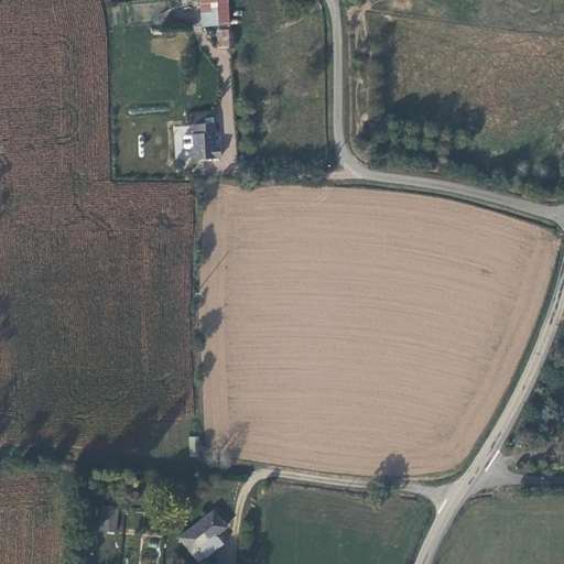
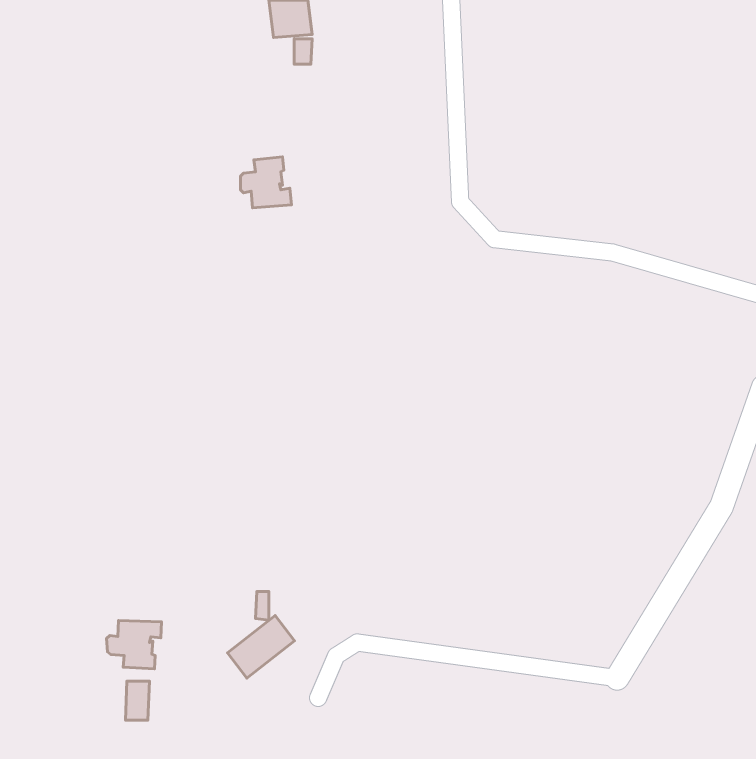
building: none -> [107,621,161,669]
building: [178,508,228,554] -> [227,615,295,678]

